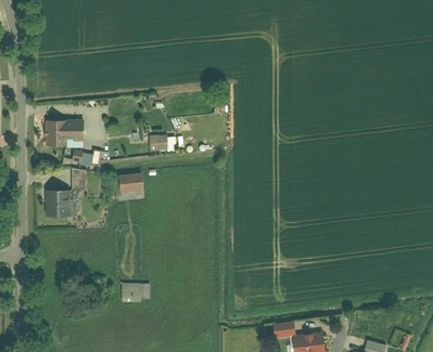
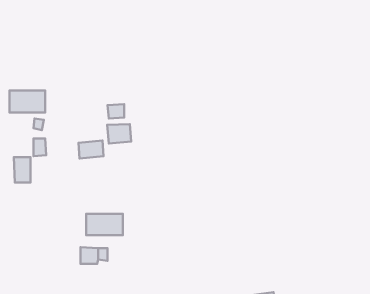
building: none -> [107,124,131,144]
building: none -> [86,214,123,235]

